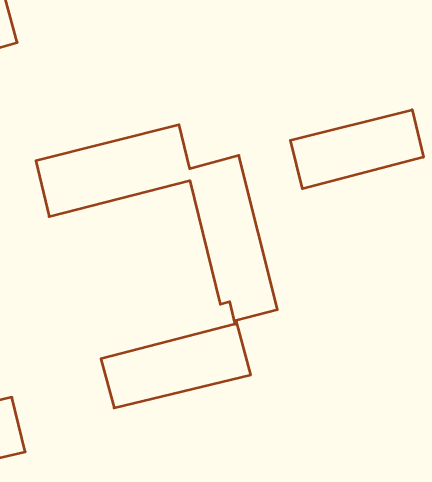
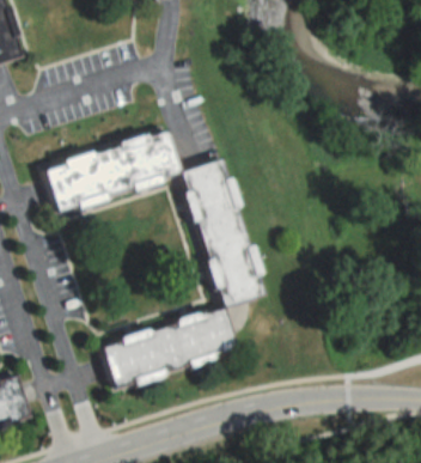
building: [290,110,423,189] -> none

